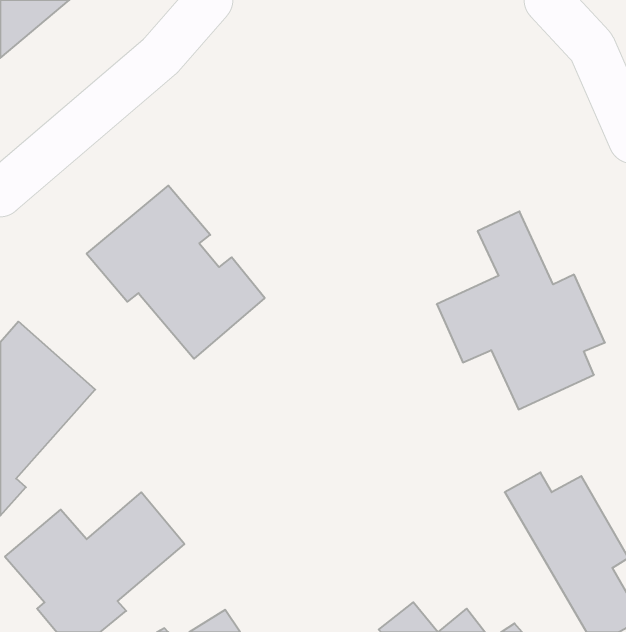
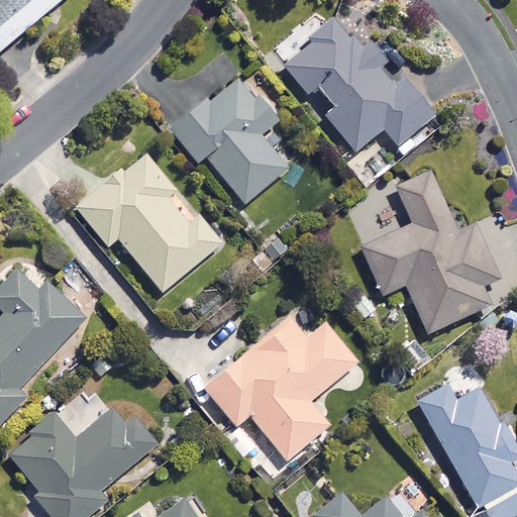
building: none -> [280,19,432,151]
building: none -> [170,78,288,204]
building: none -> [204,317,355,460]

